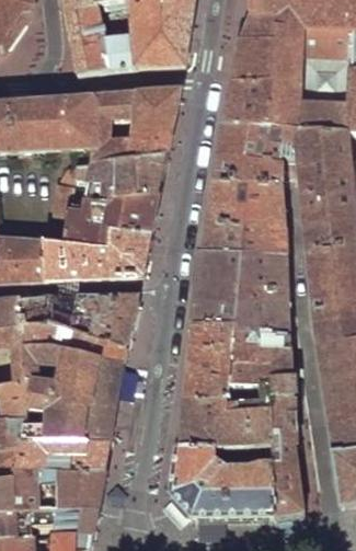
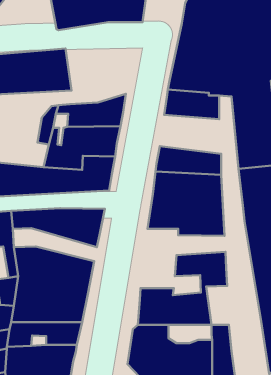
building: [90,91,180,165] -> none
building: [208,179,285,228] -> none
building: [24,321,129,363] -> none
building: [184,322,290,397] -> none
building: [266,393,295,443] -> none

